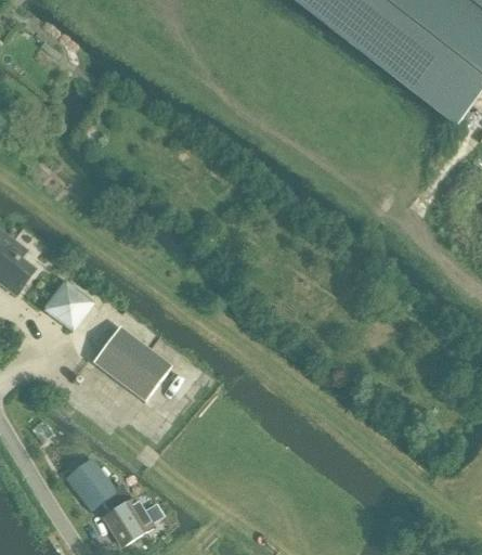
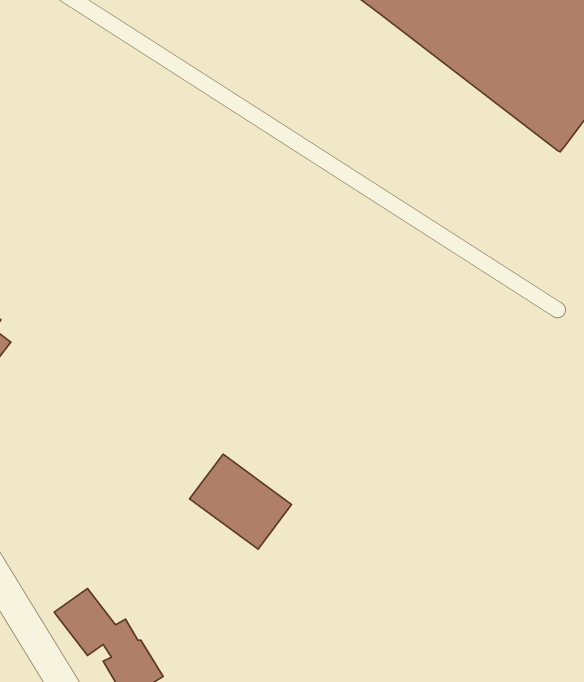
building: [42,281,91,330] -> none
building: [91,327,170,401] -> [190,454,292,549]

